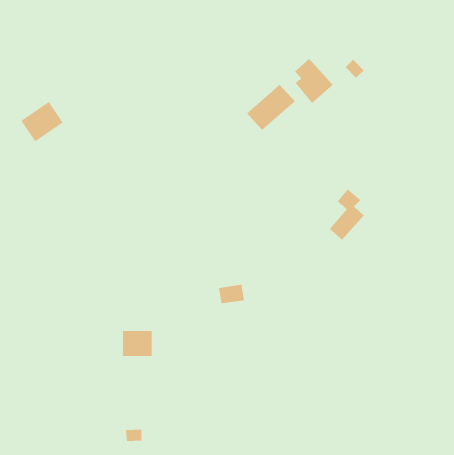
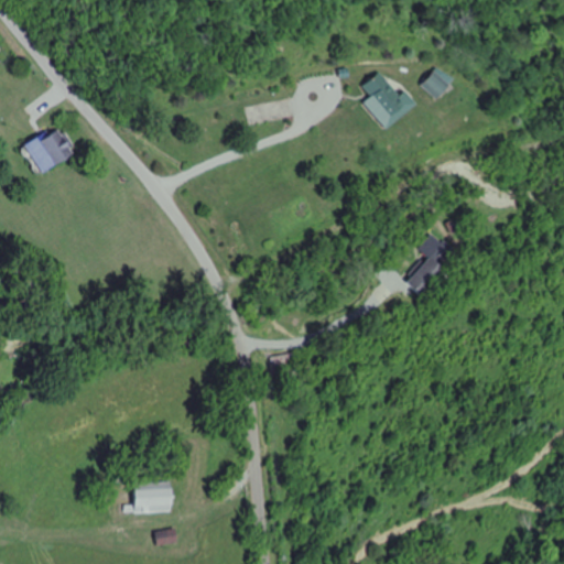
building: [246,84,296,131] -> none
building: [122,331,153,357] -> [133,479,171,511]

